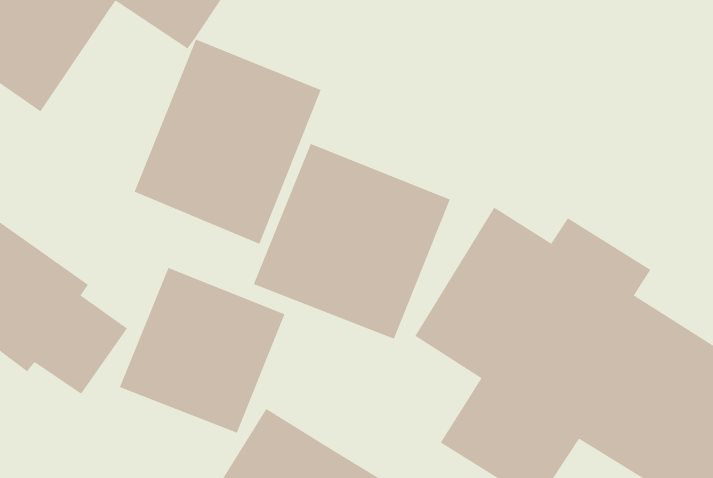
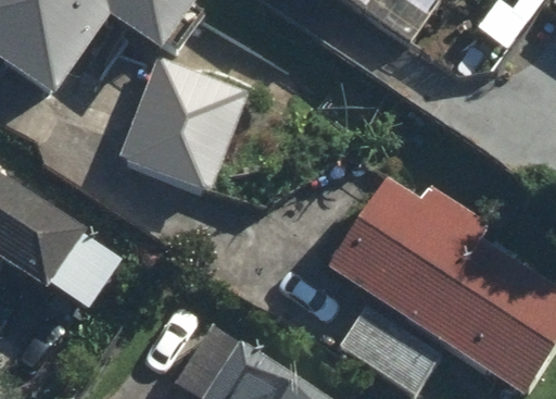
building: [253,143,451,340] -> none
building: [119,267,285,434] -> none

